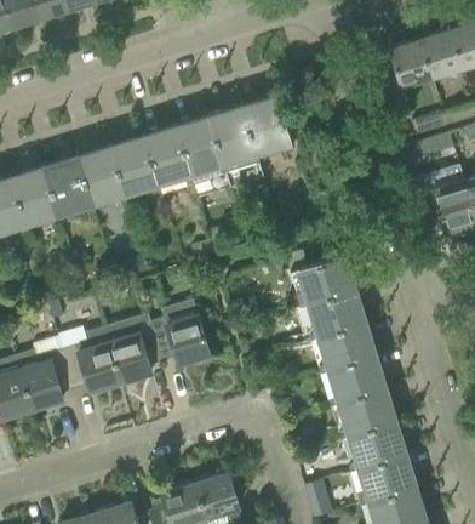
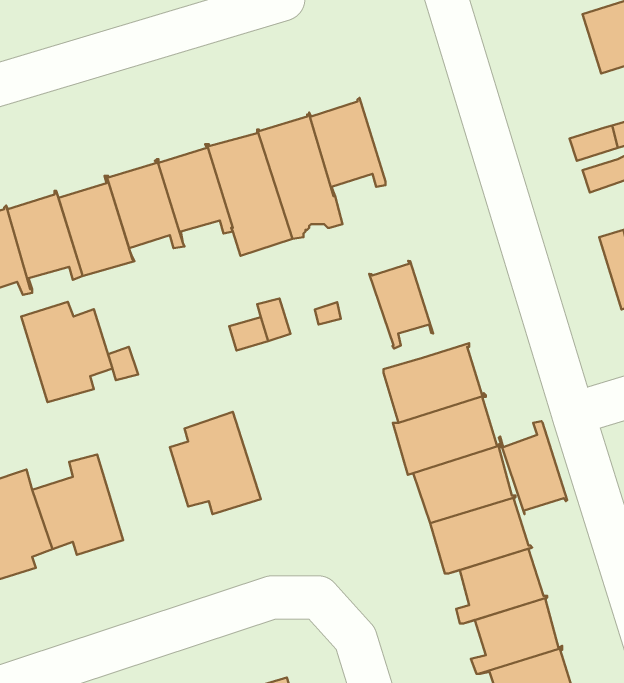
building: [382,39,434,97] -> none
building: none -> [369,261,433,349]
building: none -> [499,421,567,514]
building: [105,317,165,382] -> [21,302,112,402]

